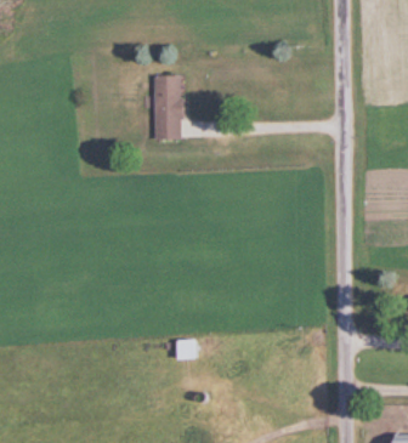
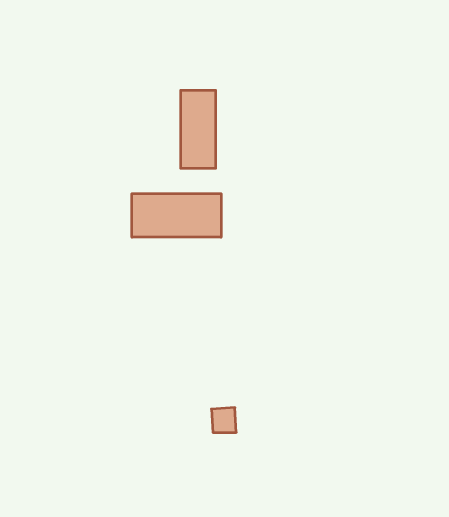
building: none -> [132,194,221,237]

